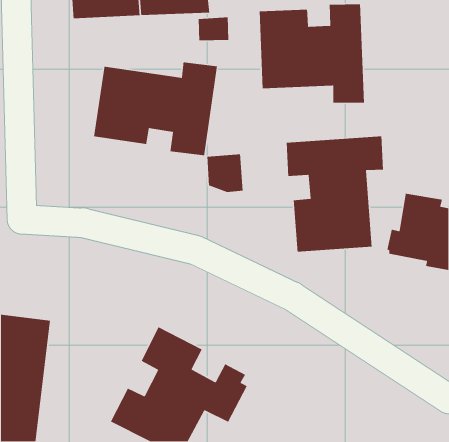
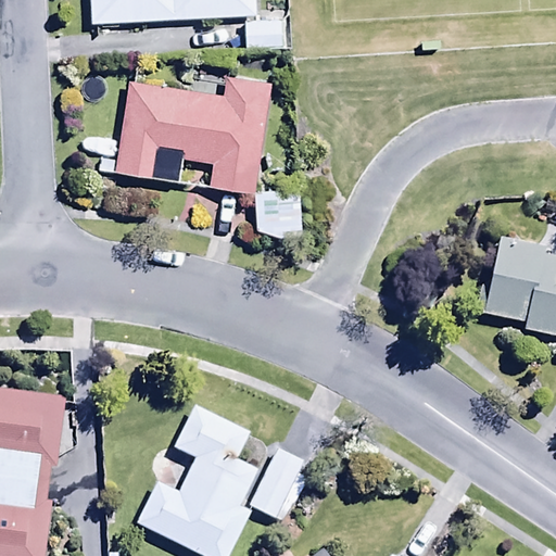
building: [259,4,365,104] -> none
building: [286,135,384,253] -> none

